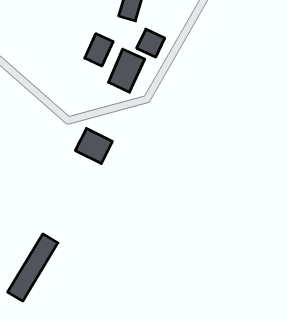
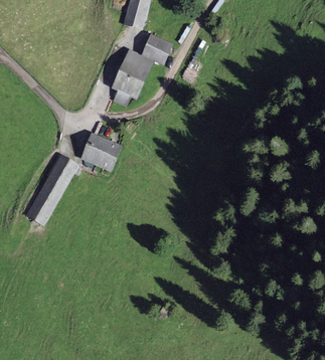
building: [85,34,113,66] -> none
building: [8,234,58,301] -> [26,156,76,223]

